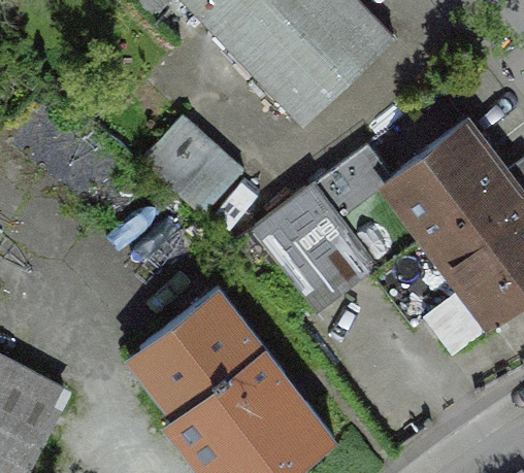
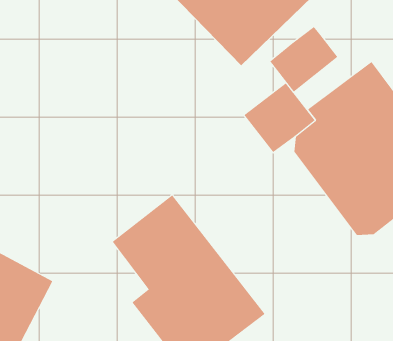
building: none -> [269,26,338,92]
building: [142,116,244,216] -> none
building: [258,188,361,295] -> none

